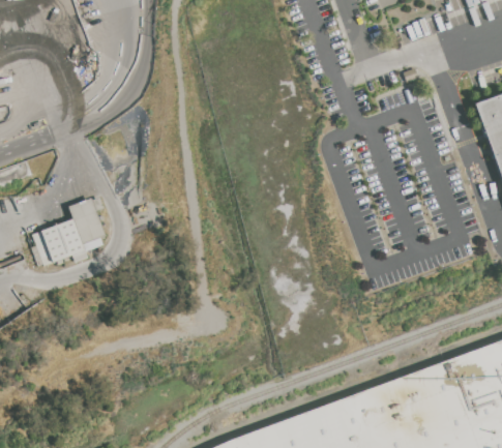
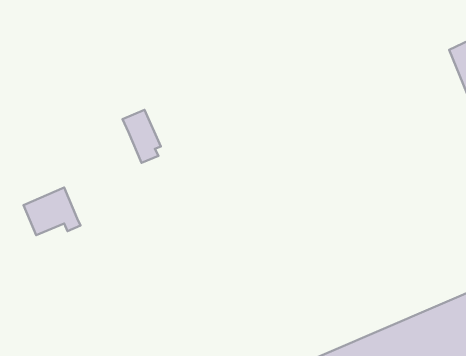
building: [70,198,108,251] -> [123,110,161,163]

